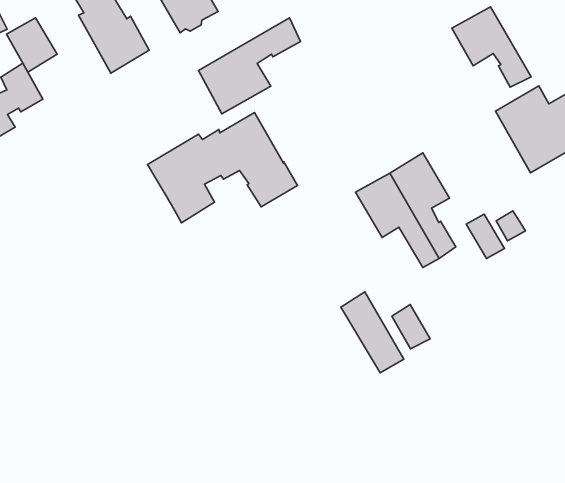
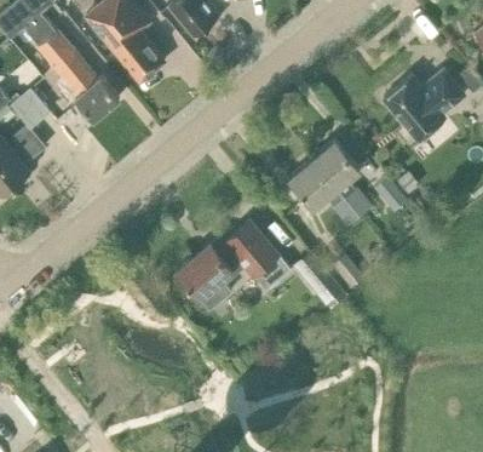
building: [452,7,531,87] -> none
building: [199,18,301,114] -> none
building: [147,113,298,223] -> [177,219,291,310]

